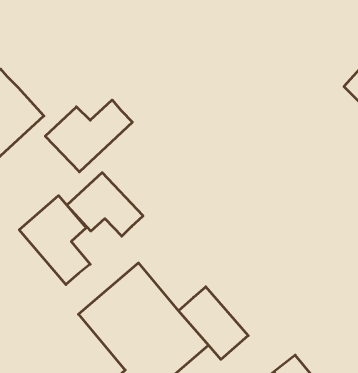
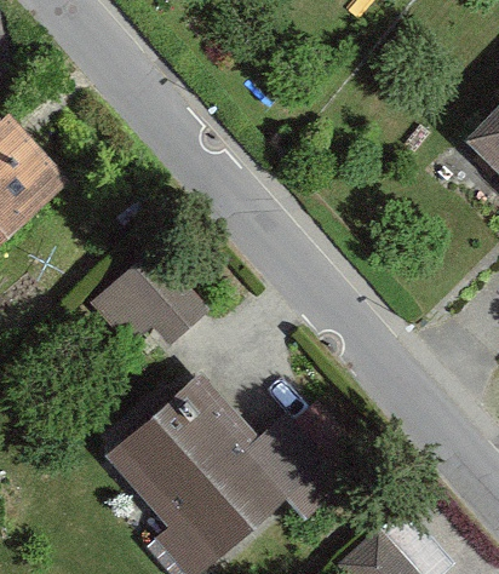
building: [45,100,132,172] -> none
building: [19,196,90,285] -> none

